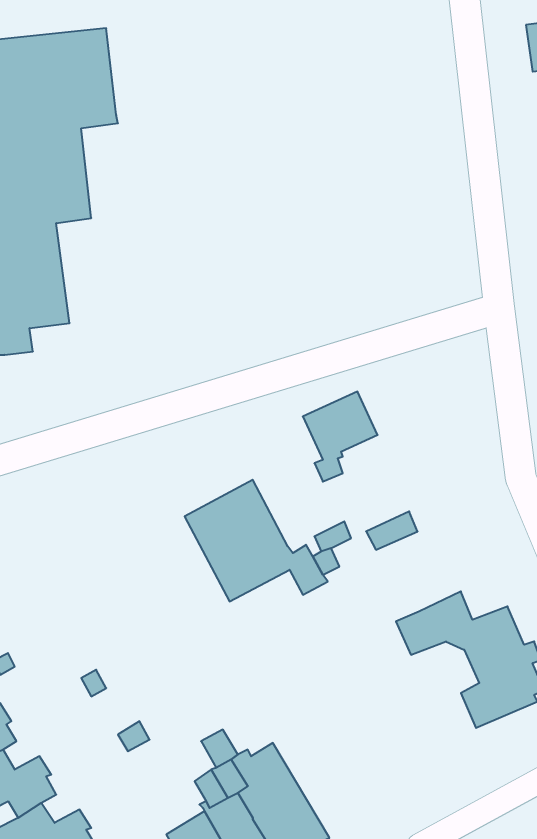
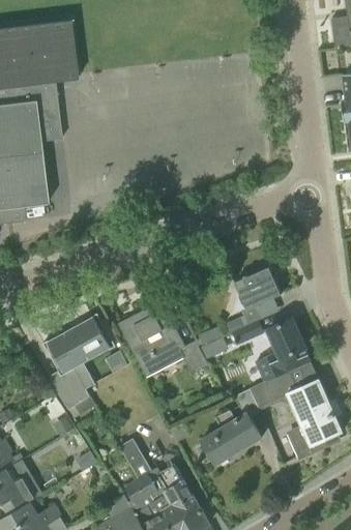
building: [303,392,378,482] -> [234,267,281,323]
building: none -> [43,315,114,409]
building: none -> [255,319,310,383]
building: none -> [200,389,261,465]

